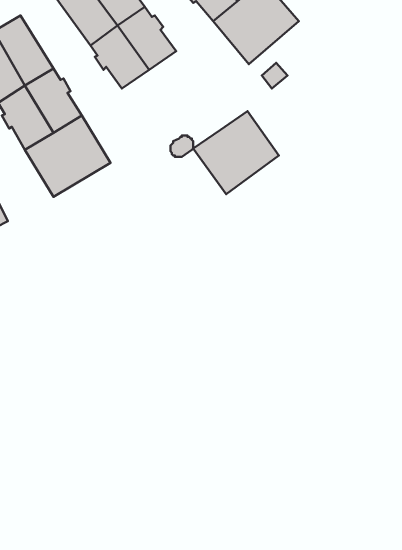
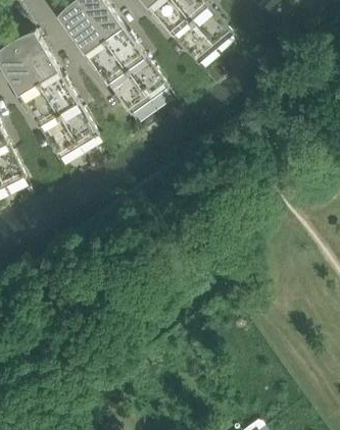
building: [193,111,279,194] -> [105,55,166,114]

